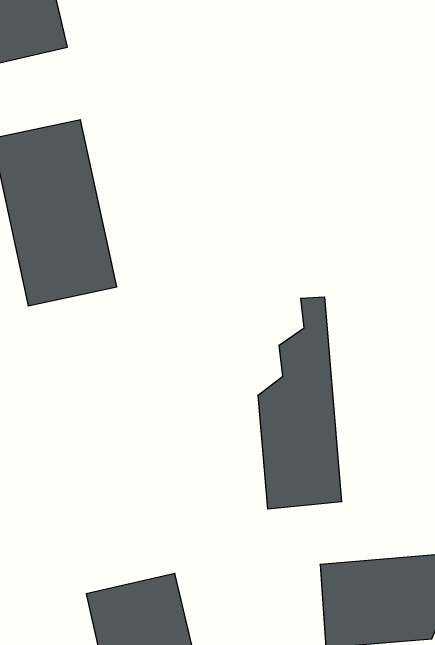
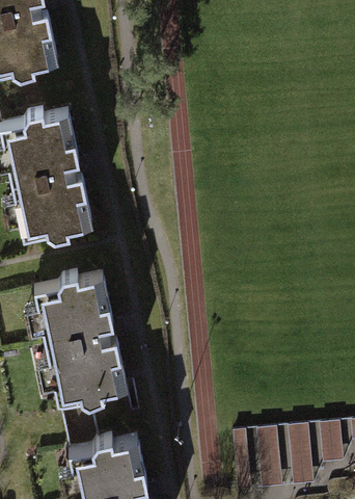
building: [258,297,342,509] -> none
building: none -> [35,274,128,404]

